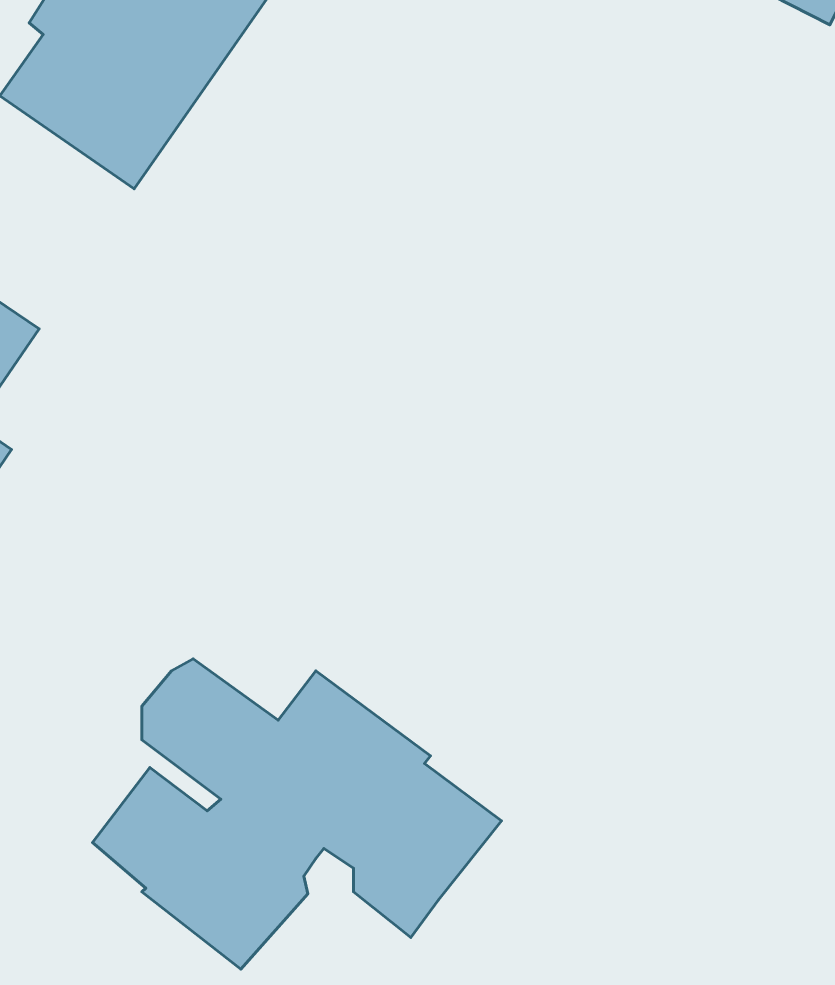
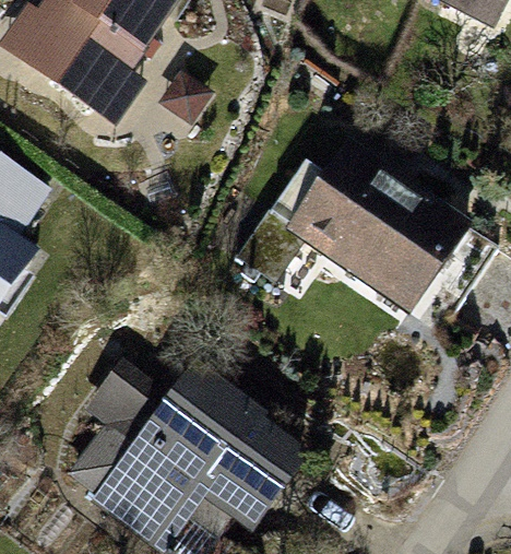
building: none -> [272,150,467,313]

